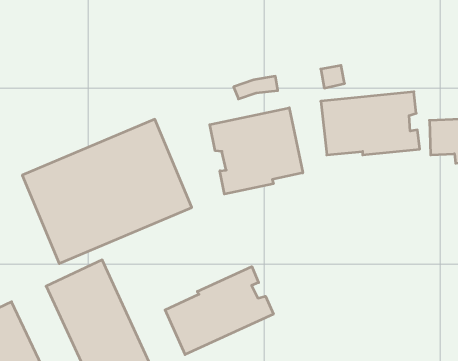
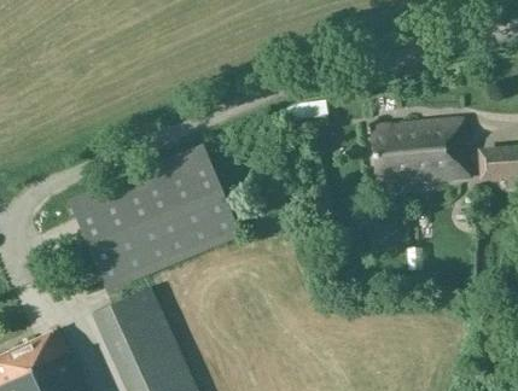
building: [210,108,303,194] -> none
building: [165,267,273,355] -> none

